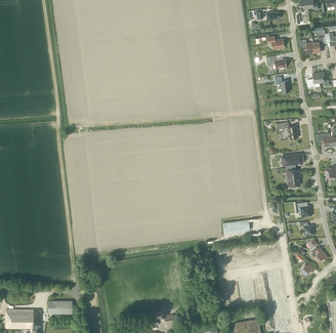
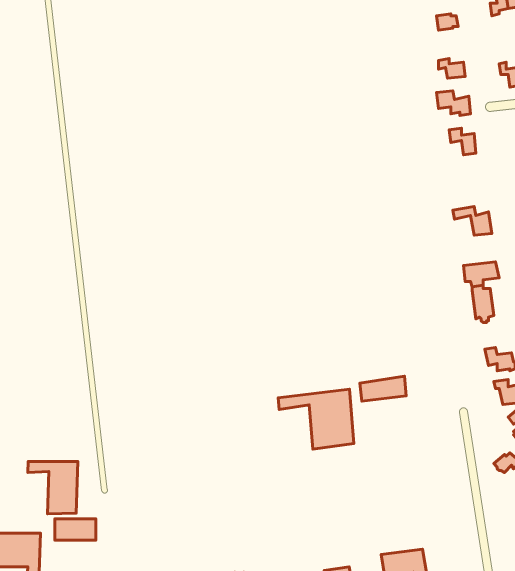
building: none -> [278,389,354,449]
building: none -> [28,462,78,514]

